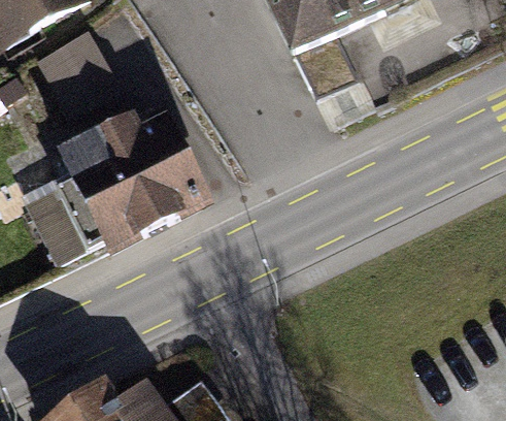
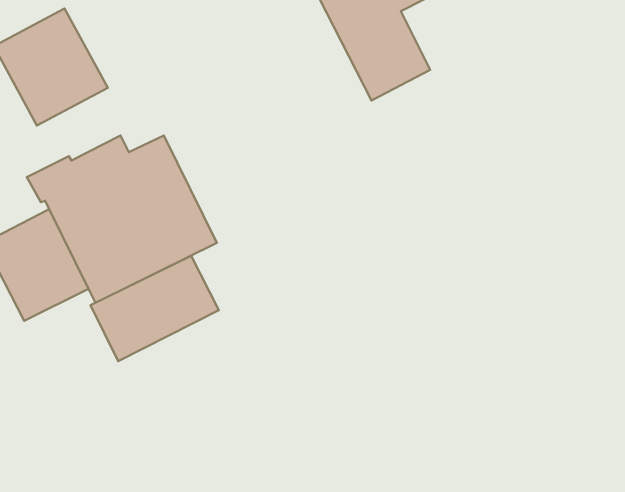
building: none -> [91,256,219,361]

